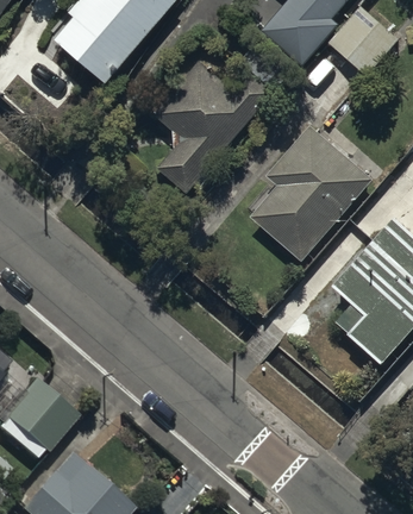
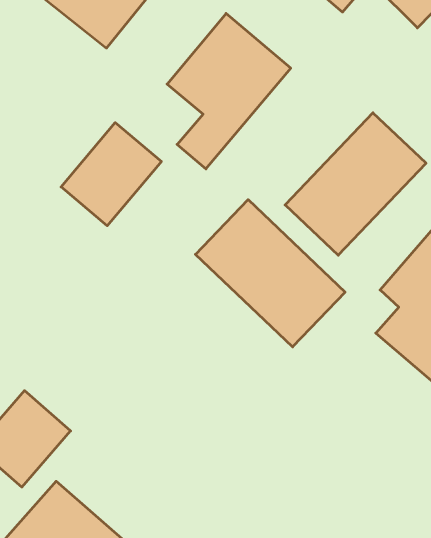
building: none -> [61,123,161,226]
building: none -> [195,200,345,347]

